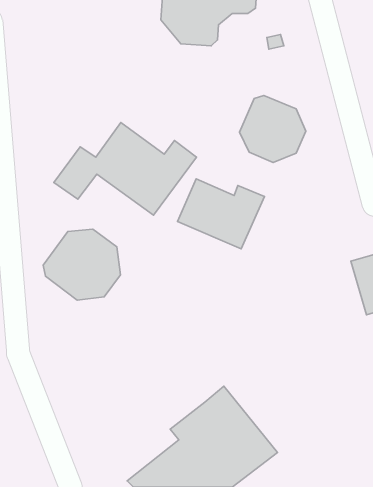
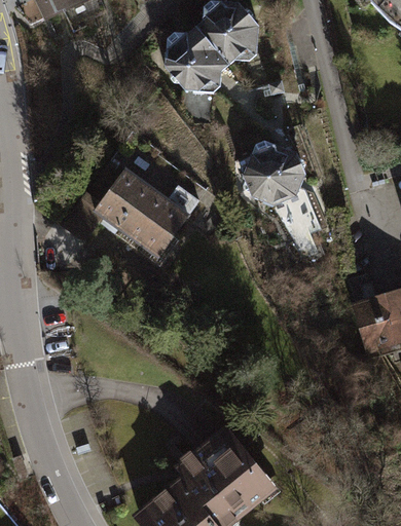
building: [178,179,265,249] -> none
building: [43,229,121,300] -> none

